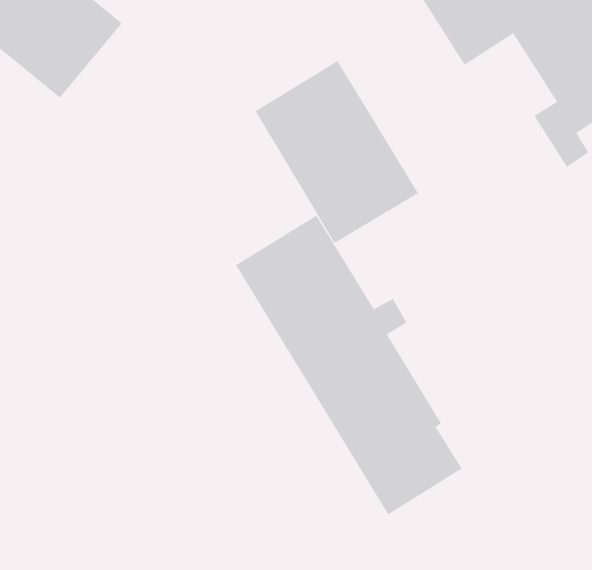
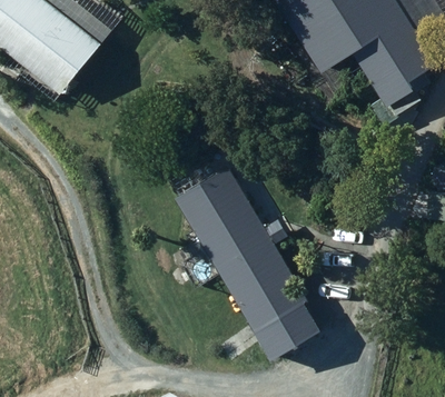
building: [255,60,419,244] -> none

